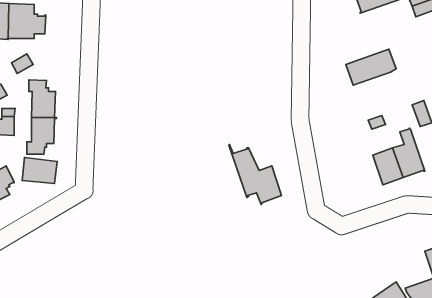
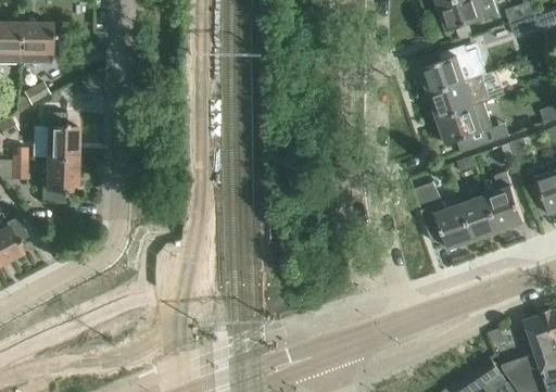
building: none -> [419,53,486,94]
building: none -> [438,103,497,153]
building: [229,144,282,205] -> [409,178,473,251]
building: [22,157,57,183] -> none

